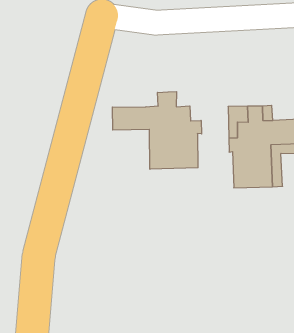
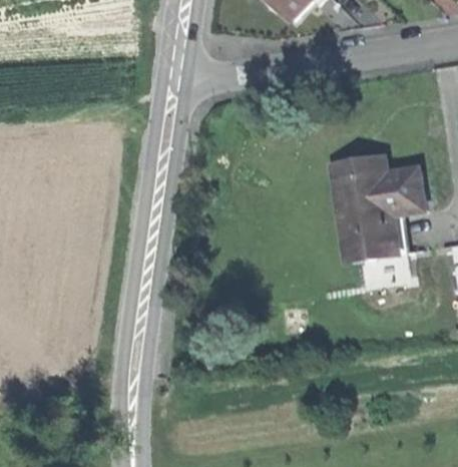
building: [112,92,202,169] -> none

